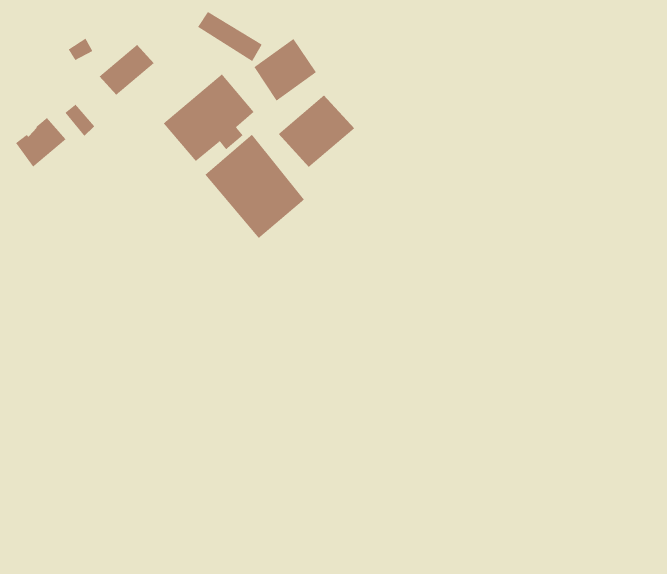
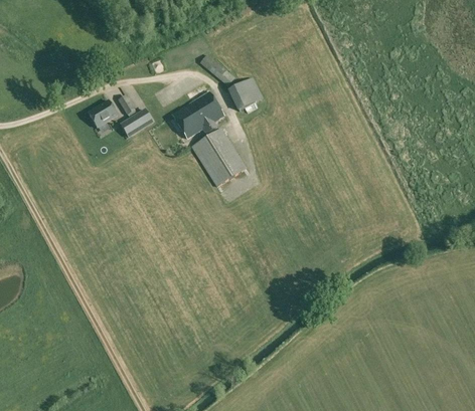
building: [99,44,154,96] -> [120,110,152,137]
building: [278,95,355,168] -> none

